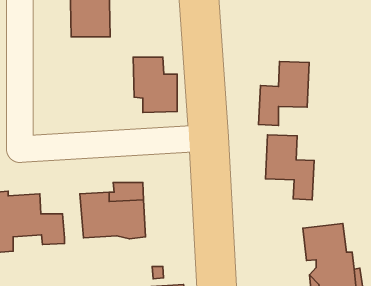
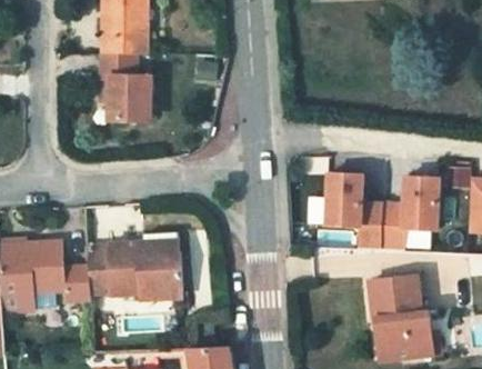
building: [133,57,177,112] -> [99,58,150,122]
building: [259,62,309,125] -> [380,174,439,249]
building: none -> [87,241,113,292]

